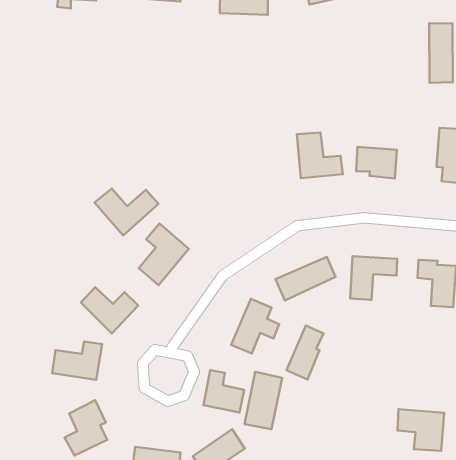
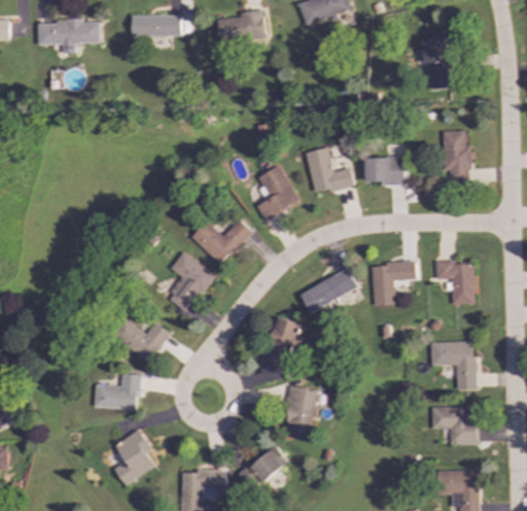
building: none -> [257,165,300,218]
building: [94,188,158,235] -> [191,218,253,265]
building: [287,325,324,379] -> none
building: none -> [431,341,476,389]
building: [203,370,244,412] -> none

